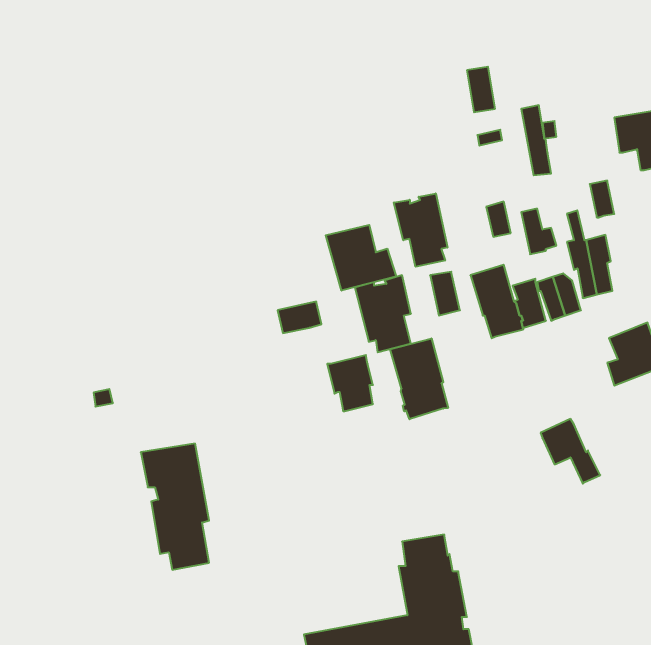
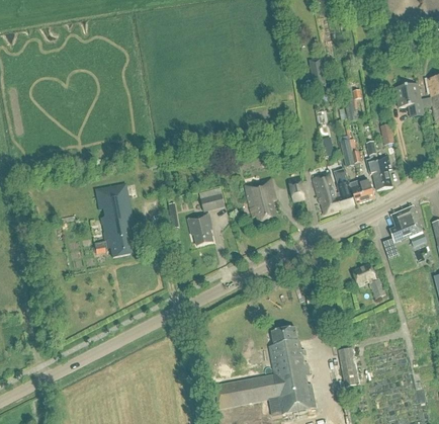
building: [394,193,447,267] -> none
building: [326,225,396,291] -> none
building: [390,338,448,419] -> none
building: [327,355,373,411] -> [186,213,212,245]
building: [141,444,209,570] -> [94,183,134,256]
building: none -> [337,346,359,387]

